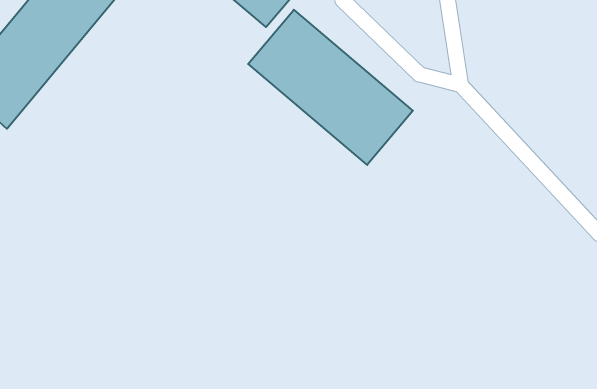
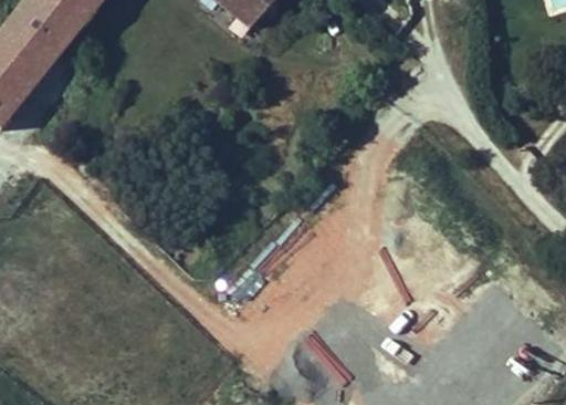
building: [248,10,413,165] -> none

